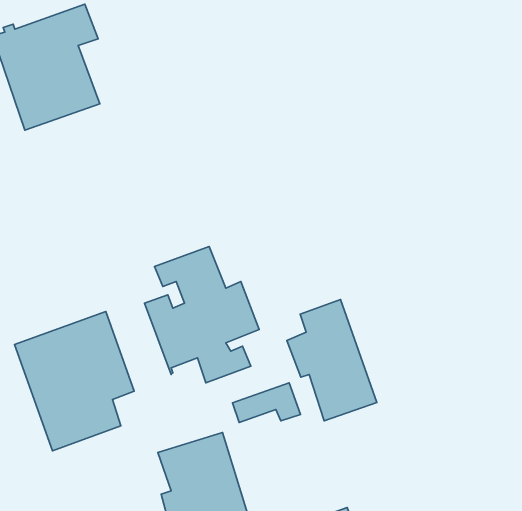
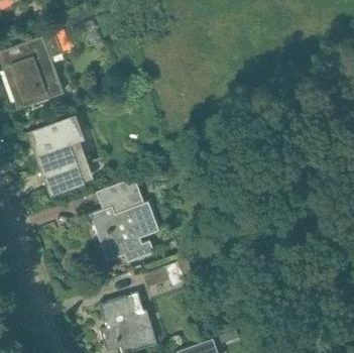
building: [287,299,377,421] -> none
building: [14,311,134,451] -> [29,111,102,196]

